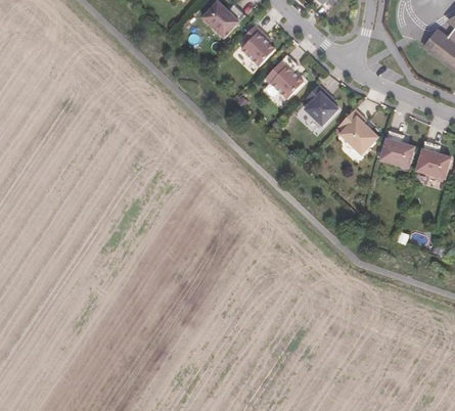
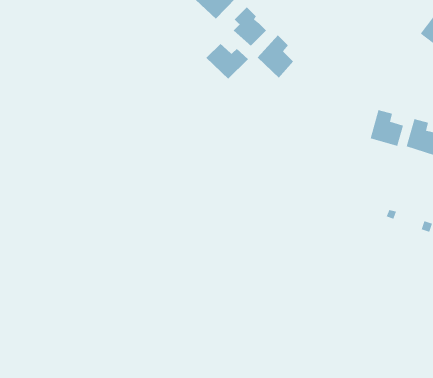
building: none -> [205,43,249,80]
building: [305,84,338,125] -> none
building: [337,108,377,154] -> none

